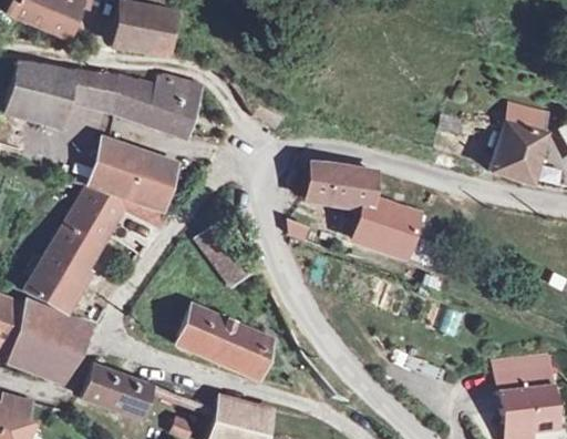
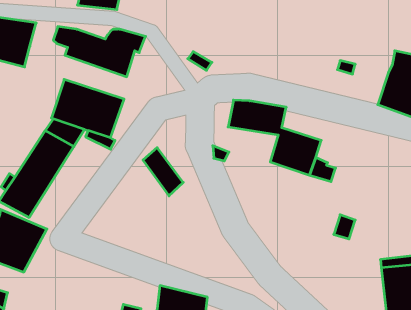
building: [61,69,107,109] -> none
building: [176,305,267,375] -> none
building: [81,366,147,417] -> none

